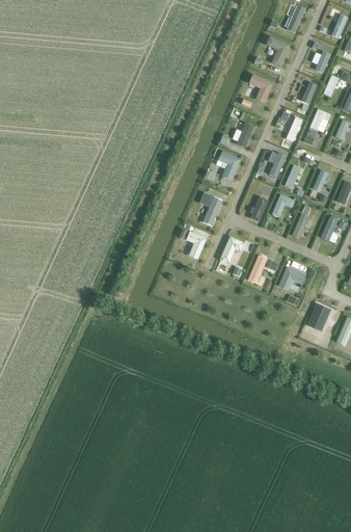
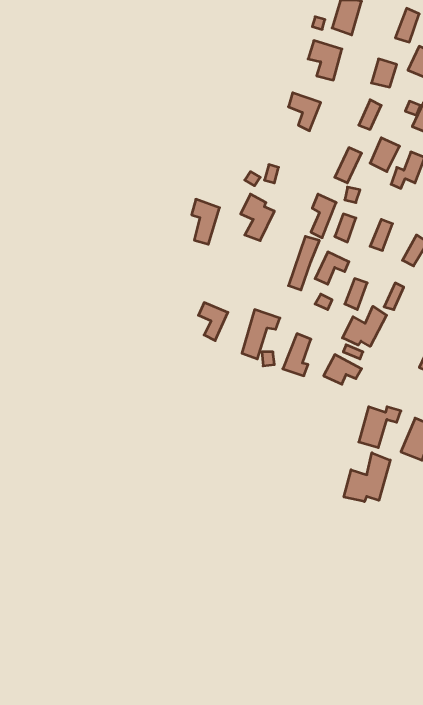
building: [200,192,221,225] -> [192,199,220,244]
building: none -> [342,306,387,346]
building: none -> [344,453,390,502]

